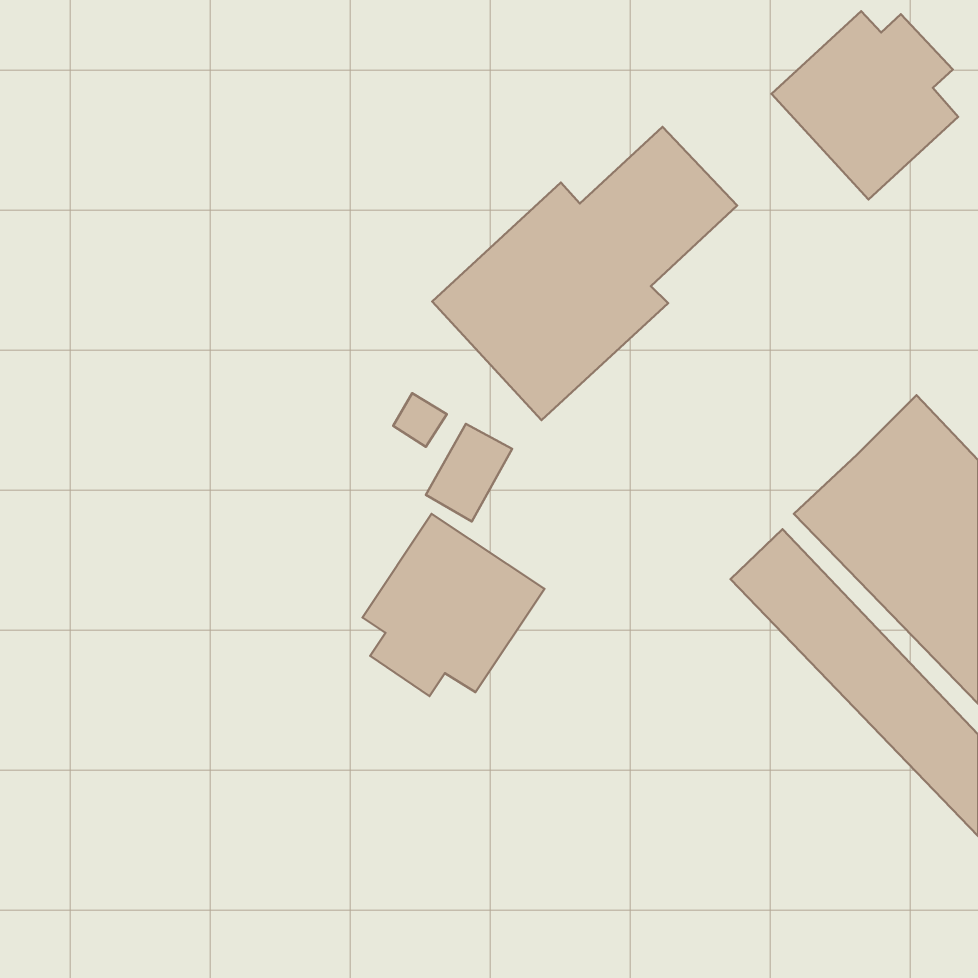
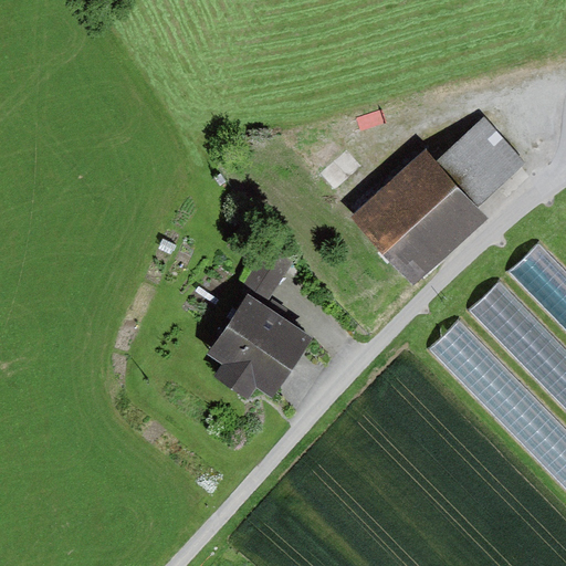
building: [772,11,958,200] -> none
building: [432,127,737,420] -> [350,117,526,286]

